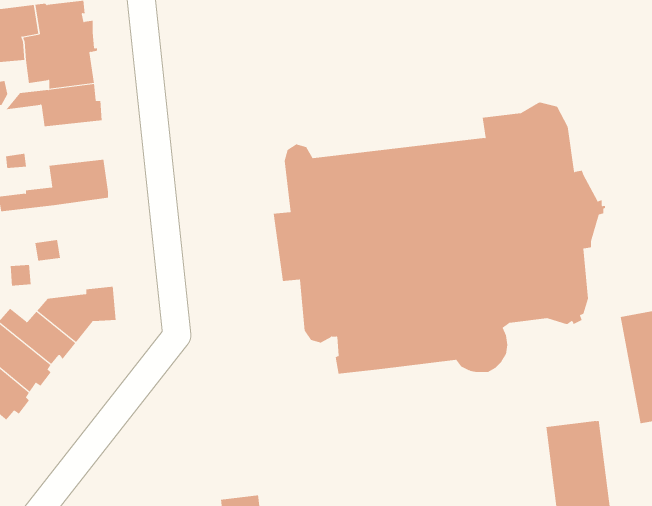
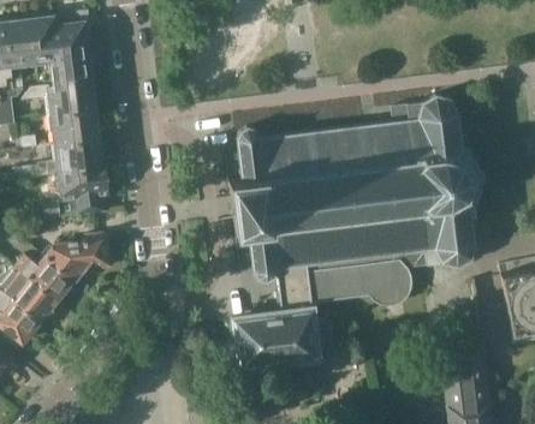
building: none -> [52,108,100,143]
building: none -> [60,162,111,214]
building: none -> [228,301,335,366]

